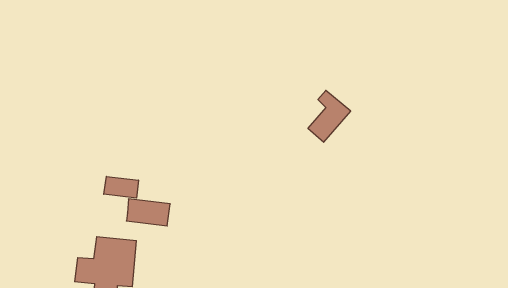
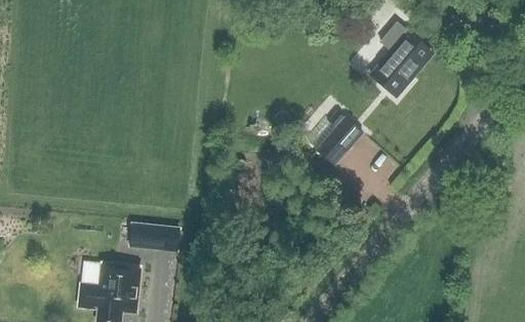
building: none -> [371,32,433,96]
building: [104,176,138,198] -> none

